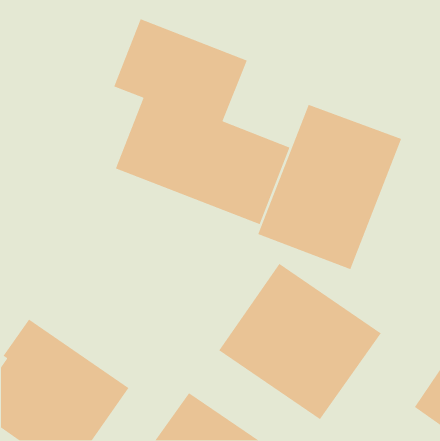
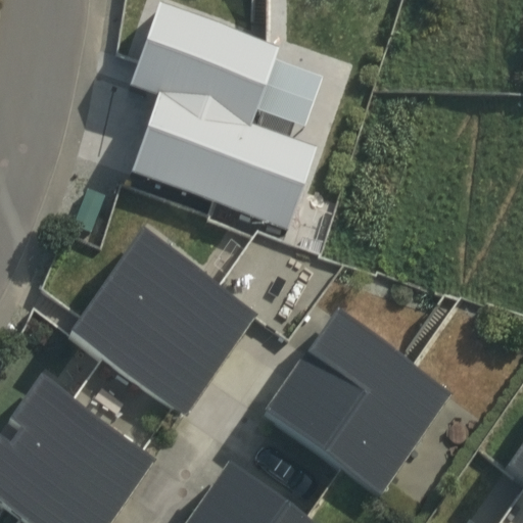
building: [257,104,402,270] -> none
building: none -> [67,228,260,415]

